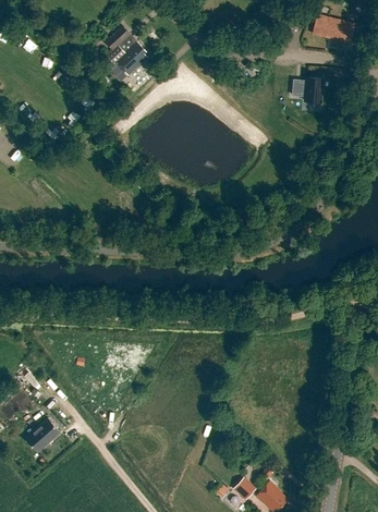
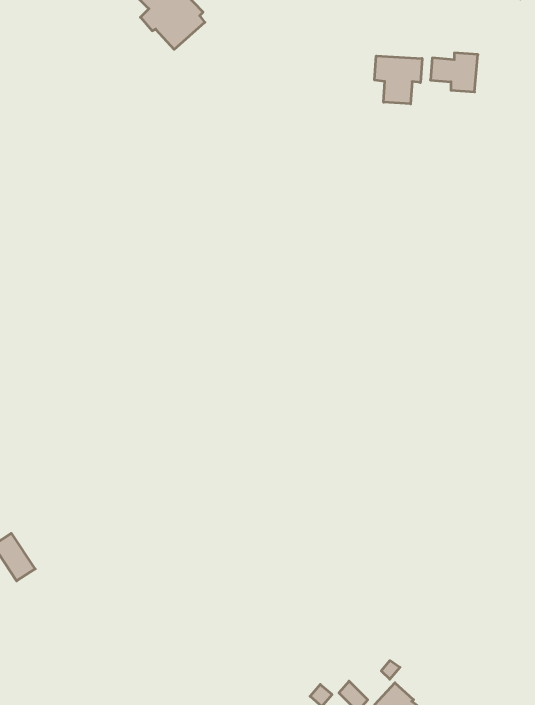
building: none -> [375,56,422,104]
building: [26,418,61,453] -> none

